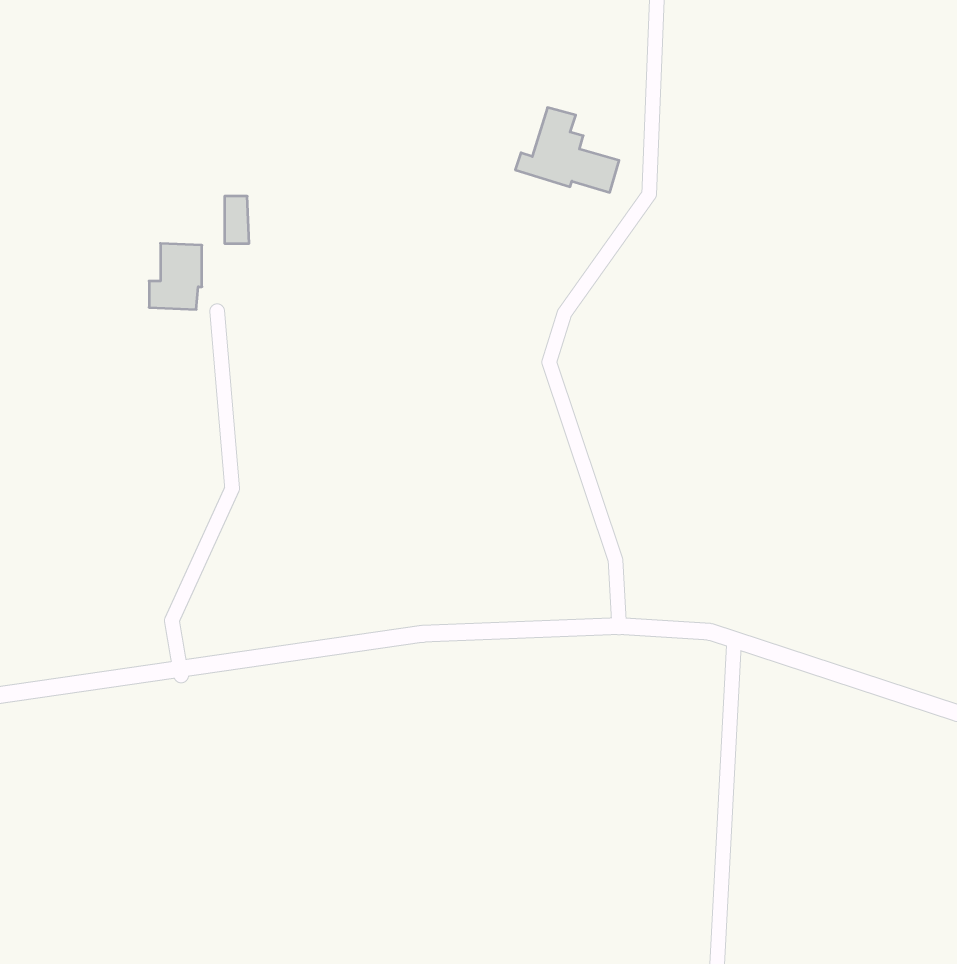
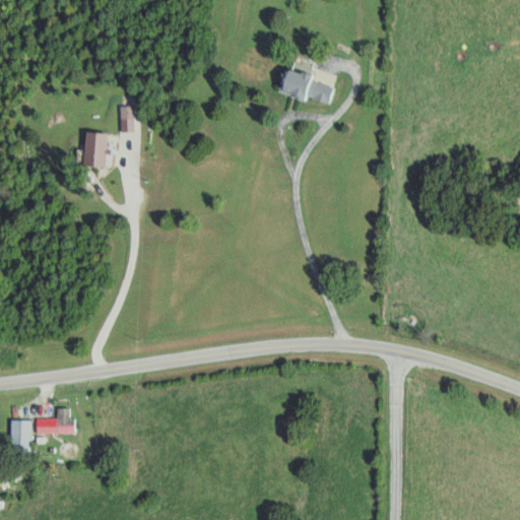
building: none -> [37,408,75,434]
building: none -> [10,419,31,452]

